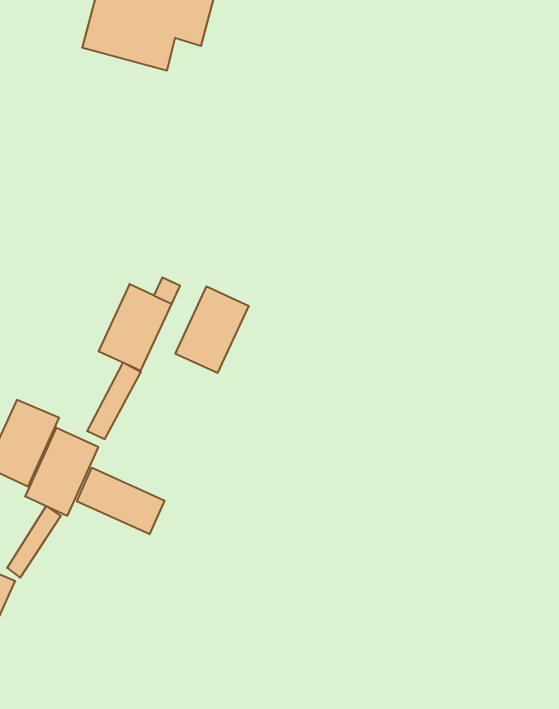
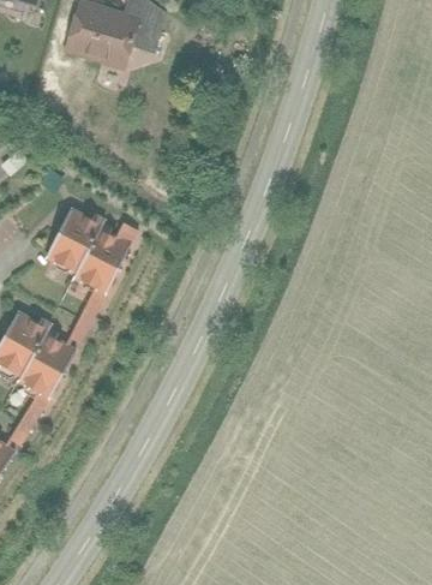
building: [175,286,249,373] -> [46,205,100,269]
building: [77,468,164,534] -> none

